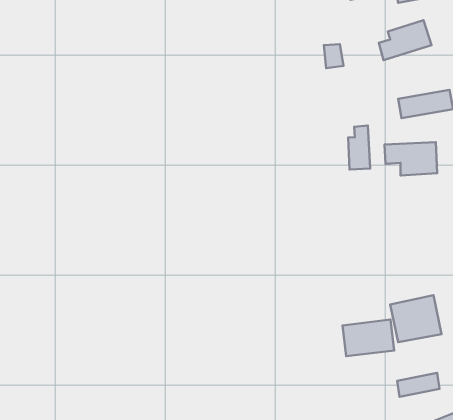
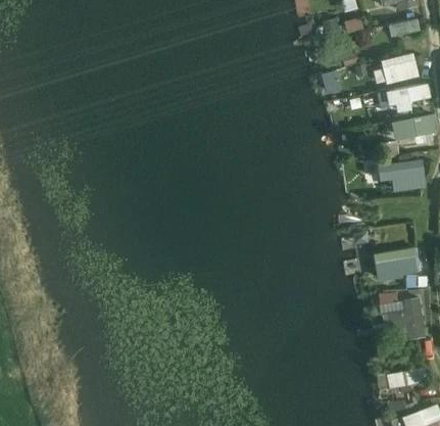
building: none -> [387,85,430,113]
building: [348,126,370,169] -> none
building: [343,320,394,356] -> [375,248,421,281]

